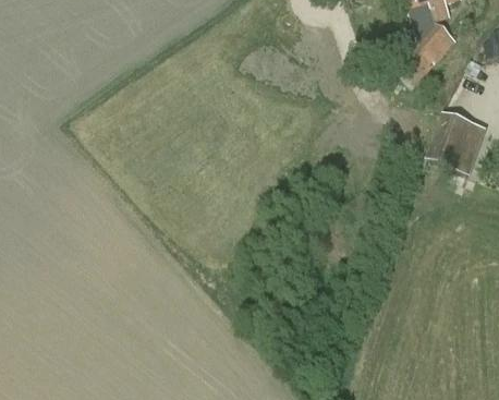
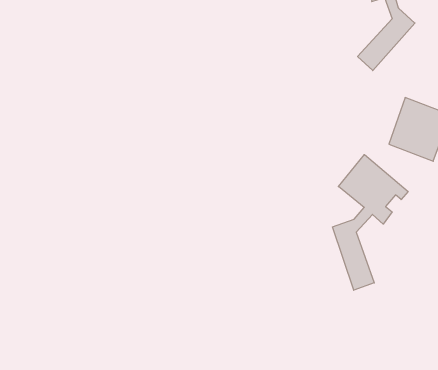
building: none -> [332,155,408,290]

